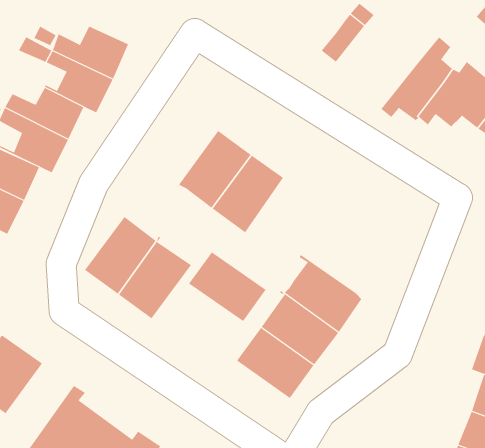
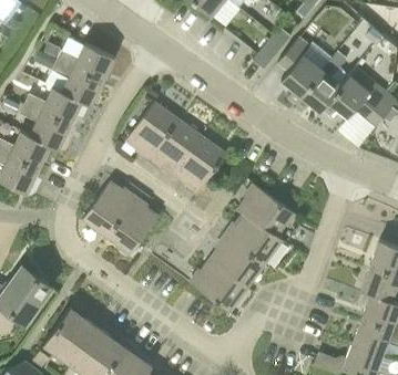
building: none -> [278,37,333,103]
building: none -> [126,101,178,159]
building: [188,251,267,322] -> [238,185,295,236]

